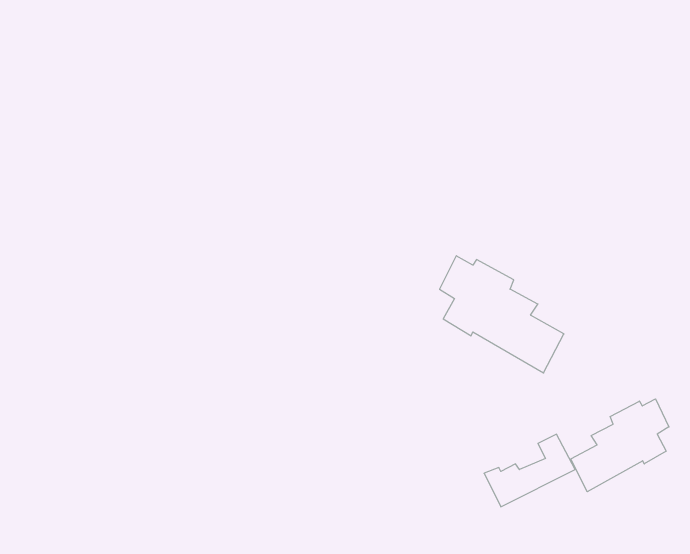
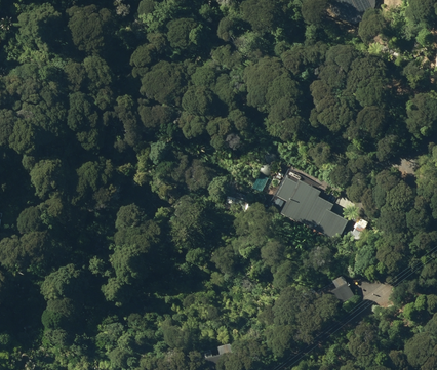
building: [571,399,669,492] -> none

